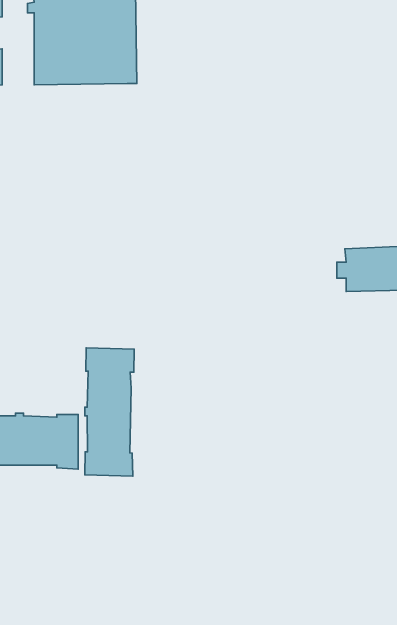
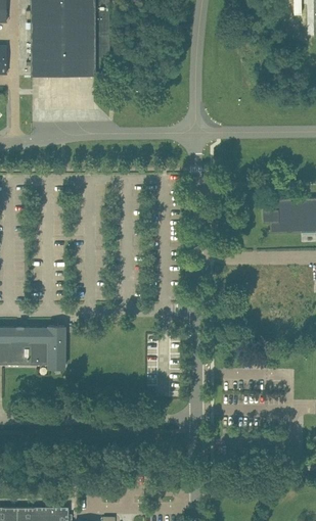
building: [85,348,134,476] -> none

